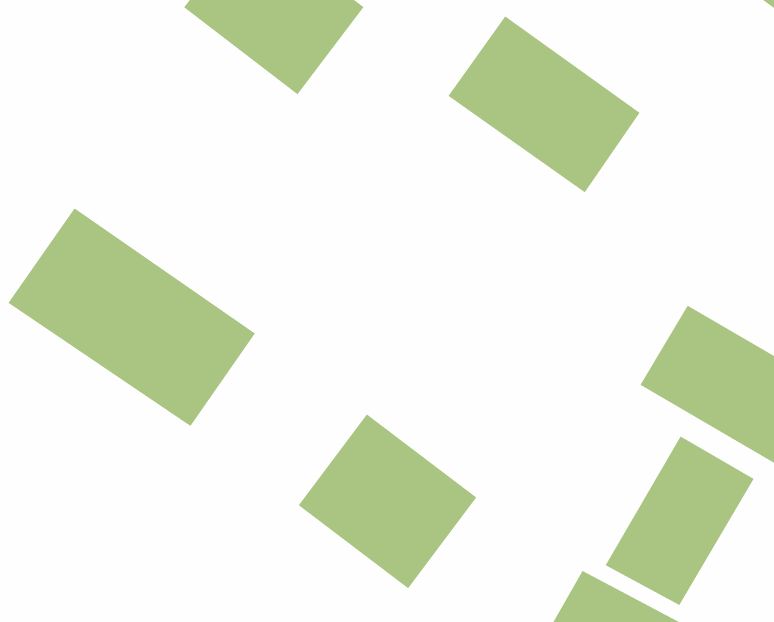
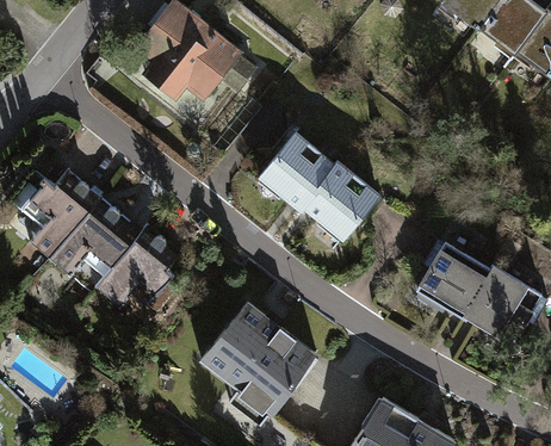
building: [448,16,640,193] -> [254,136,374,247]
building: [605,436,754,606] -> none

